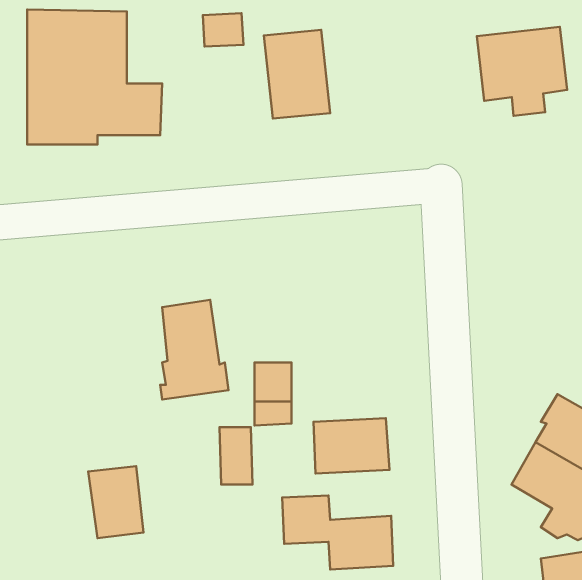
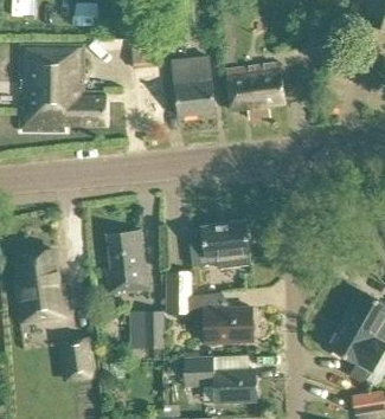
building: [477,27,567,116] -> [226,60,284,117]
building: none -> [188,221,250,269]
building: none -> [17,251,71,325]

